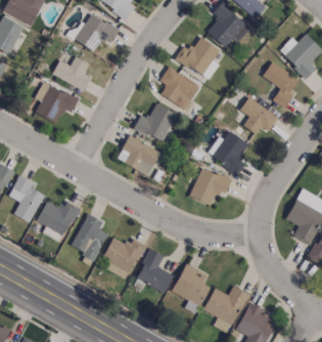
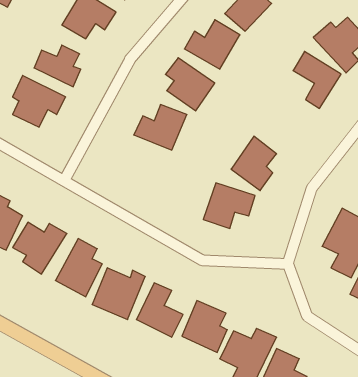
building: [241,97,279,133] -> none
building: [118,135,162,175] -> none

